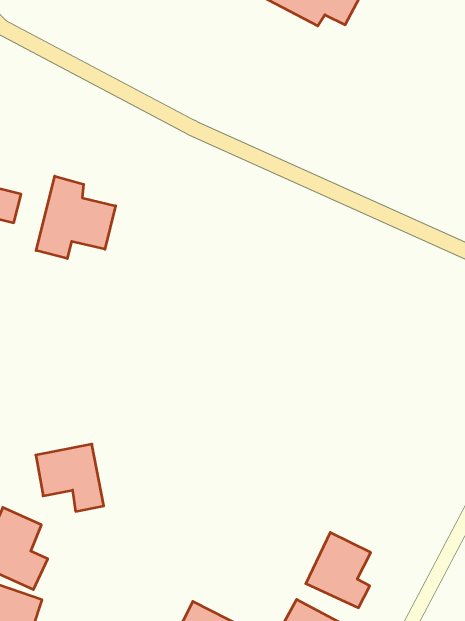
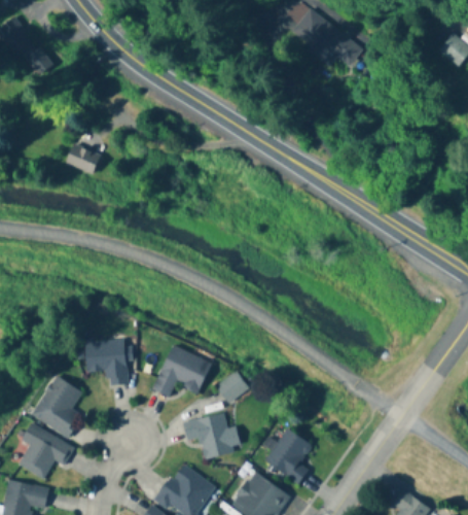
building: [36,176,116,259] -> none
building: none -> [152,343,212,398]
building: none -> [216,371,249,404]
building: none -> [183,413,232,458]

